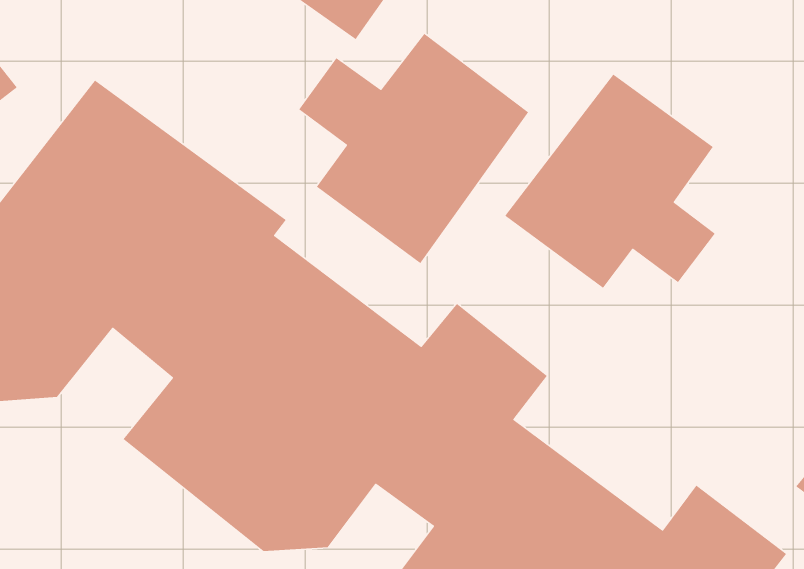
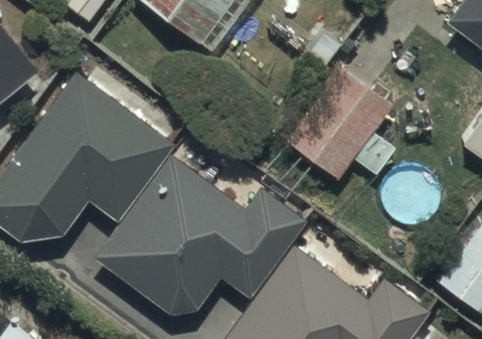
building: [298,33,529,264] -> none

